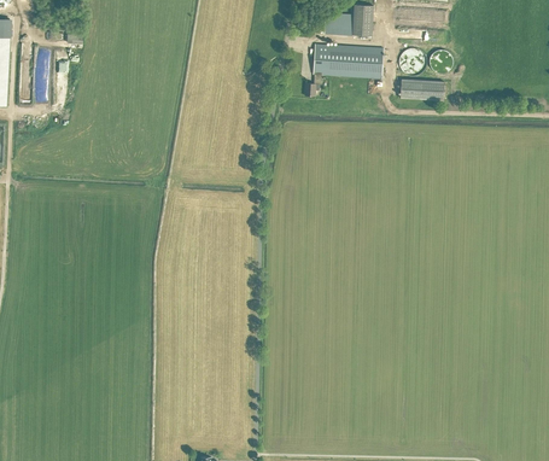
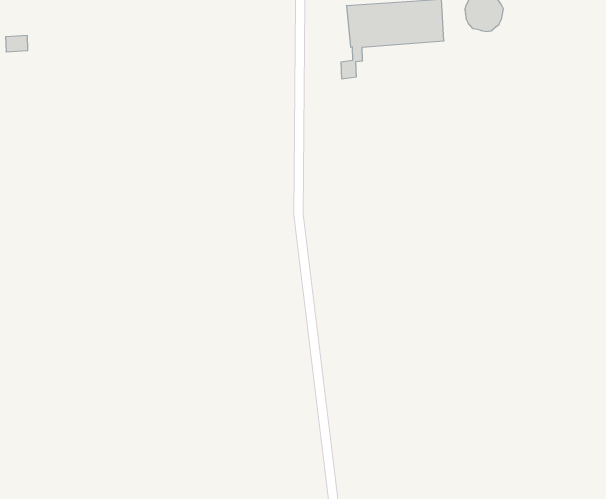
building: [398,78,443,100] -> none

